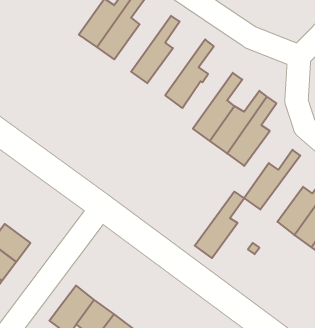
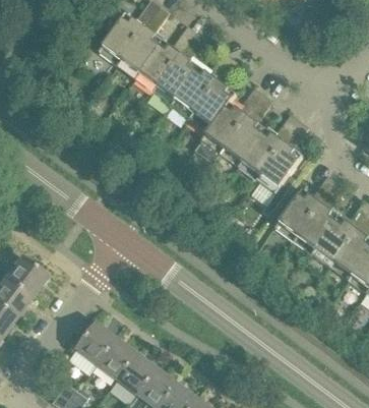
building: none -> [136,25,197,93]
building: none -> [172,52,234,118]
building: none -> [194,88,263,164]
building: [195,192,244,258] -> [293,182,346,253]

